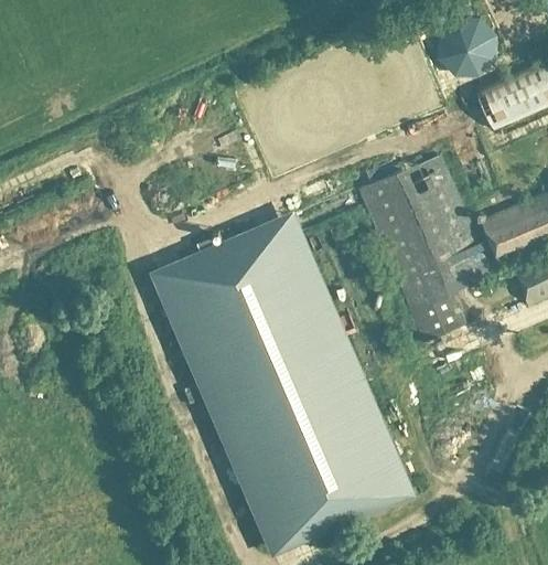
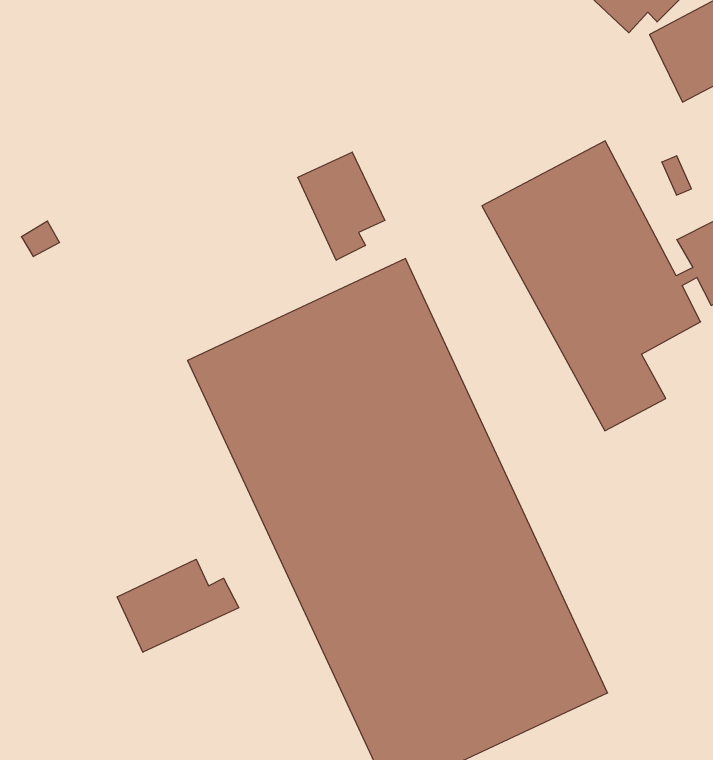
building: none -> [298,152,385,260]
building: none -> [117,559,239,652]

